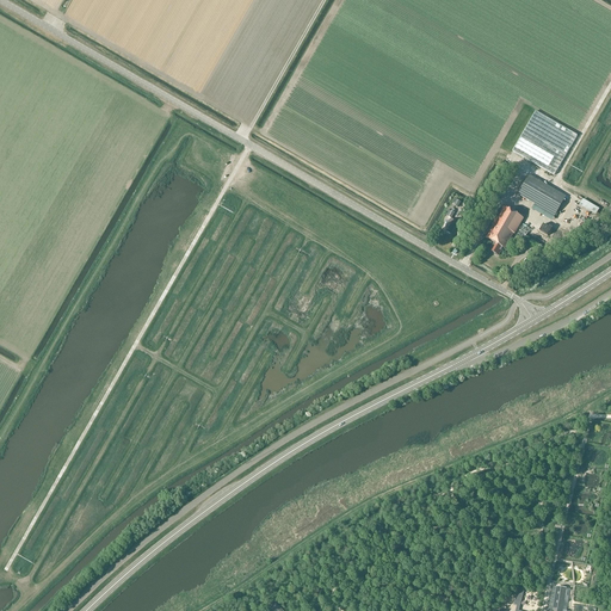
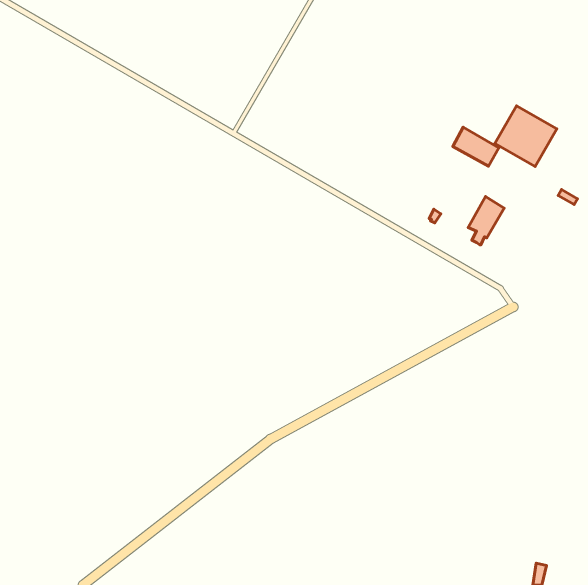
building: [518,173,566,214] -> [453,127,499,166]

